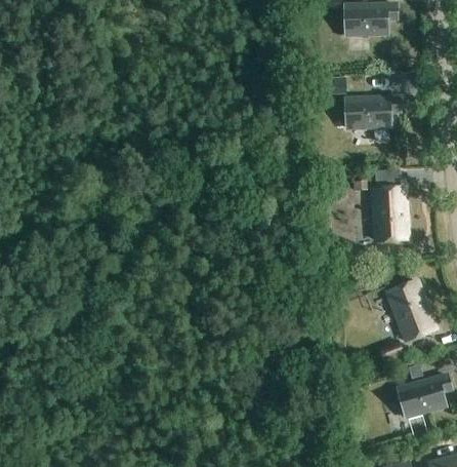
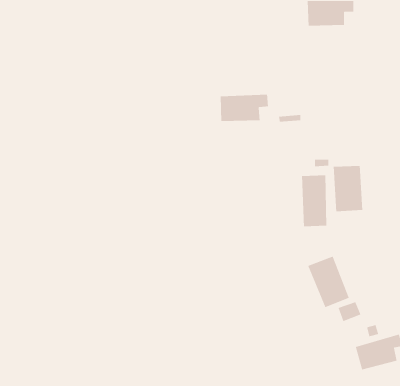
building: [344,95,399,126] -> [220,94,269,122]
building: [386,280,433,339] -> [307,255,350,308]

